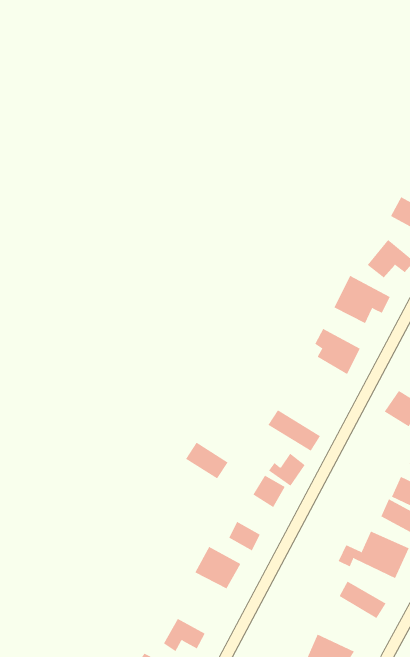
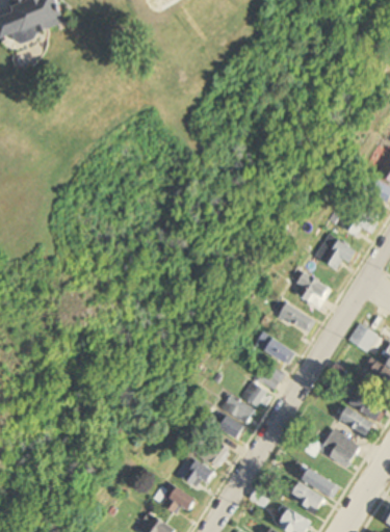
building: none -> [279,301,316,334]
building: [185,442,229,479] -> [220,394,254,424]
building: none -> [180,459,213,489]
building: none -> [289,482,324,514]

